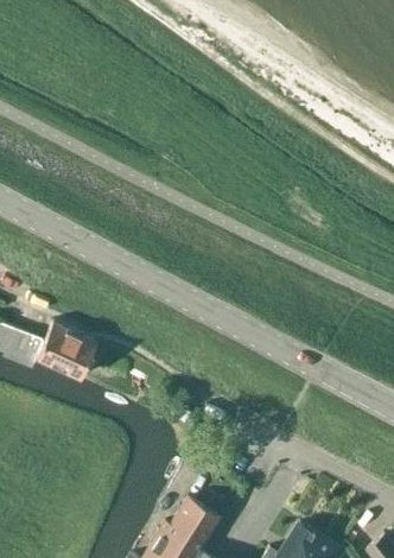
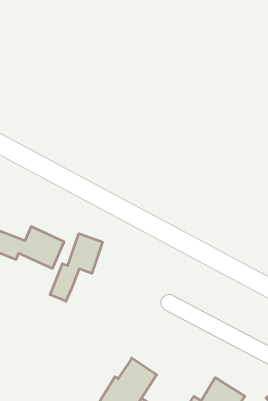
building: none -> [50,234,102,301]

